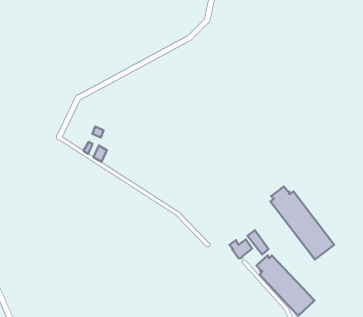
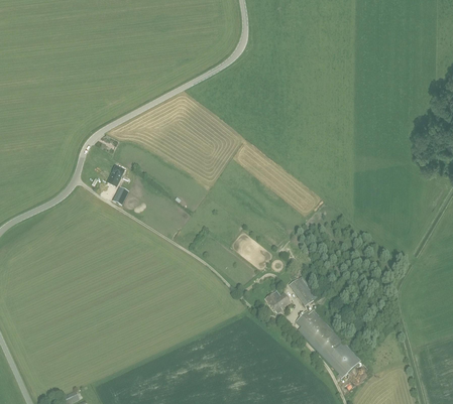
building: [271,186,334,259] -> none

